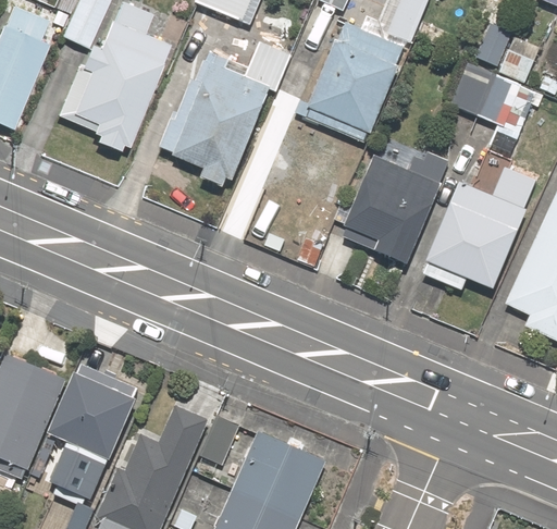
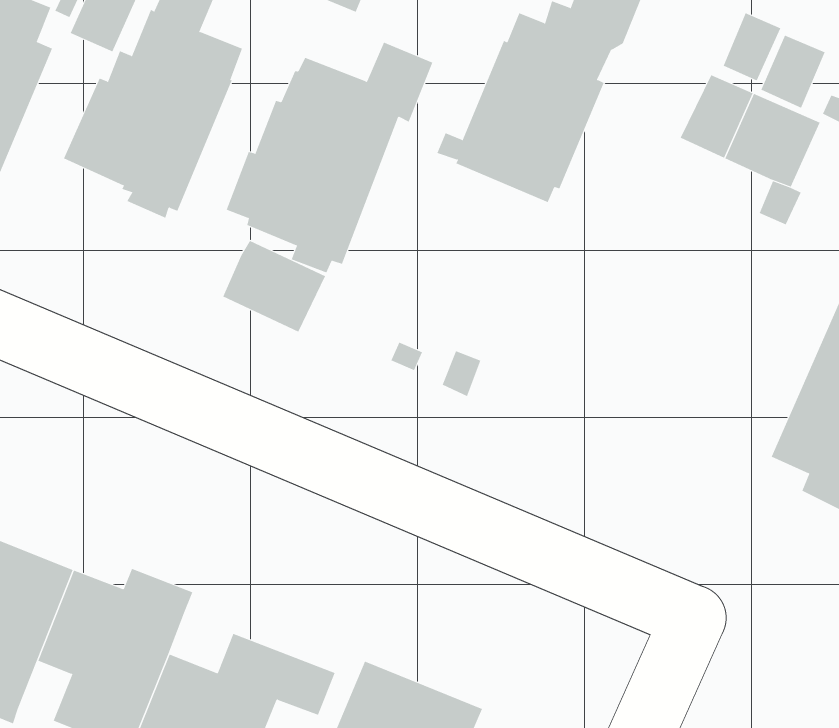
building: [343,149,449,264] -> none
building: [423,163,536,288] -> none
building: none -> [222,240,326,332]

